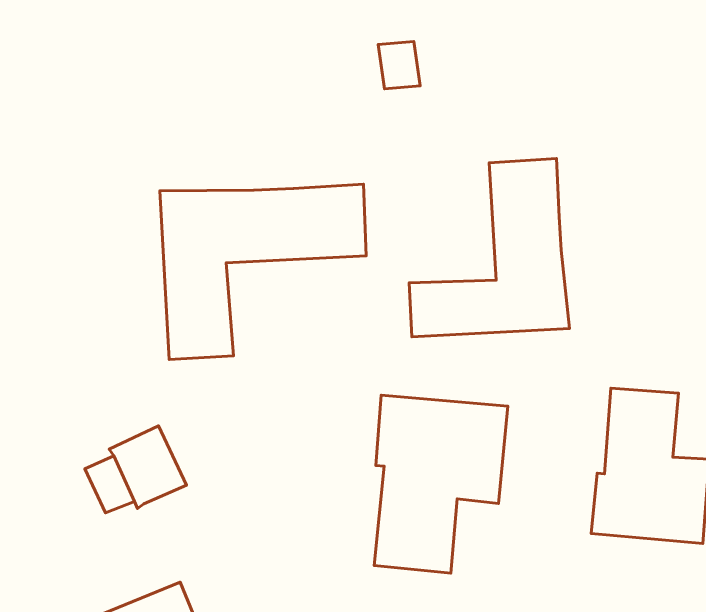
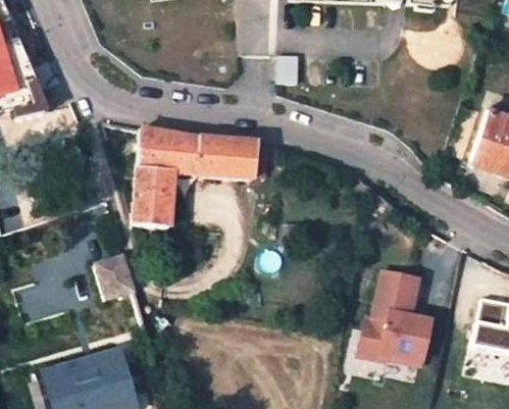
building: [409,158,570,337] -> none
building: [374,395,508,573] -> none

